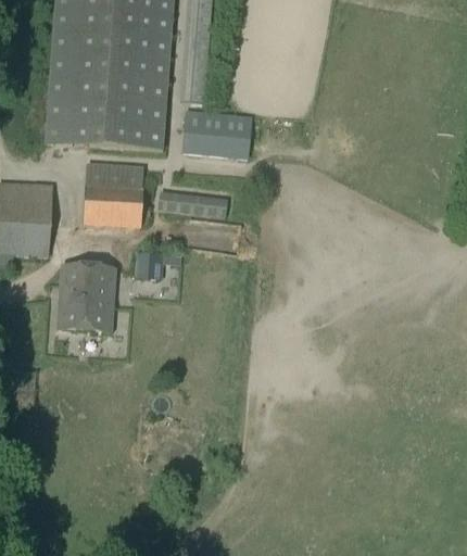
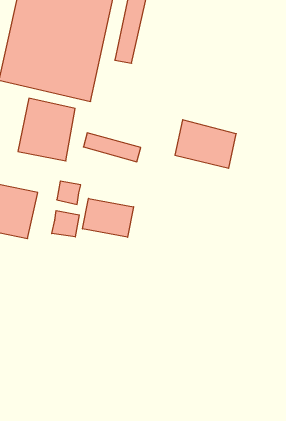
building: [182,108,252,157] -> [175,120,236,168]
building: none -> [83,198,134,237]
building: none -> [52,211,79,237]

